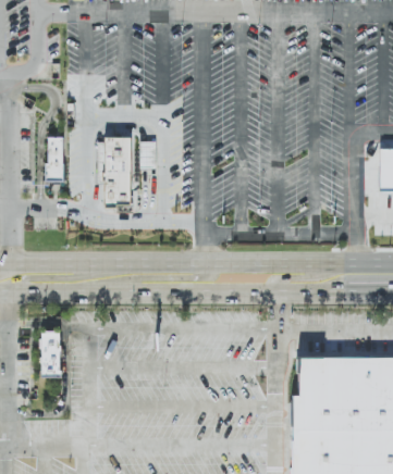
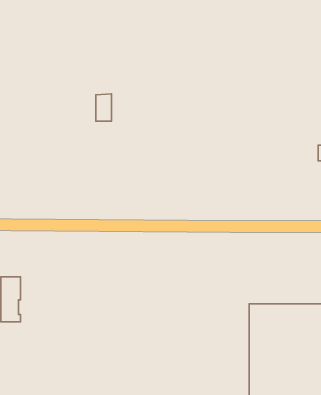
building: [44,136,62,180] -> none
building: [97,138,130,205] -> none

